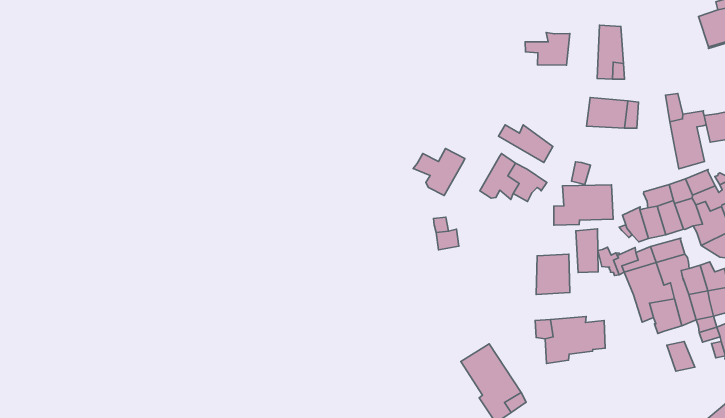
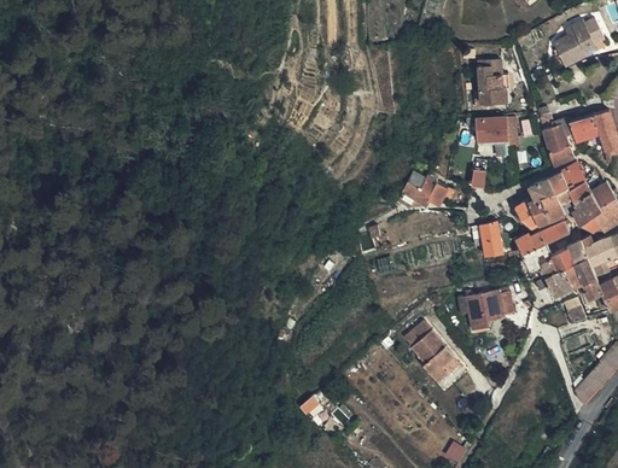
building: [525,32,570,65] -> none
building: [499,125,553,162] -> none
building: [413,149,465,195] -> none
building: [554,185,613,225] -> none
building: [536,254,570,294] -> none

